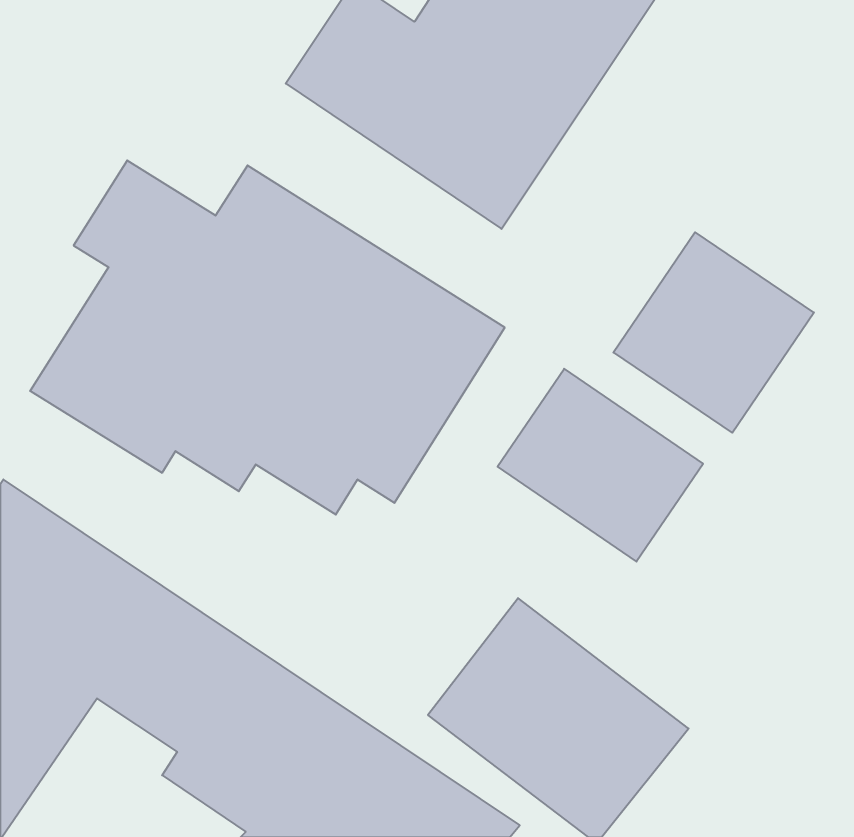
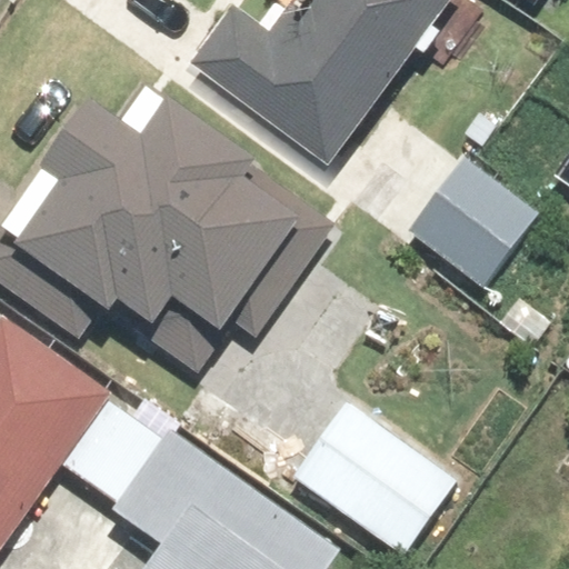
building: [498,369,703,562] -> none

